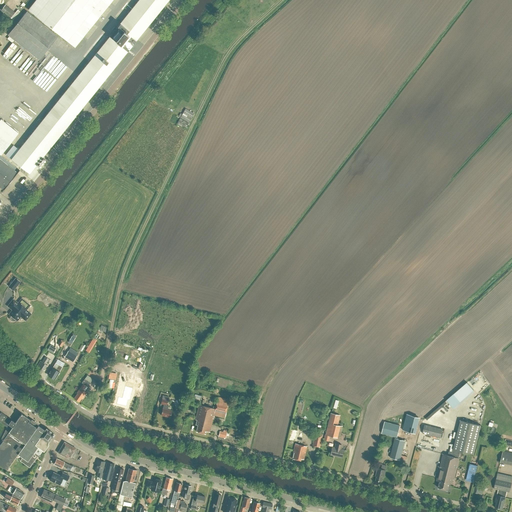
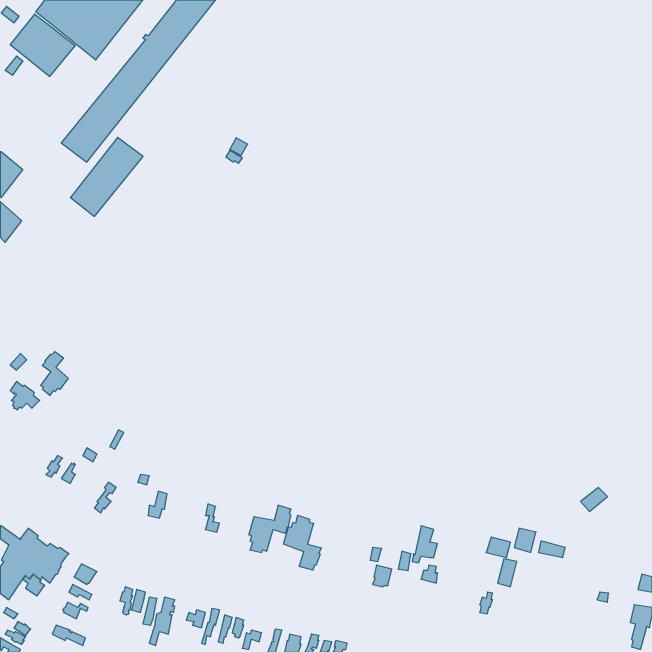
building: [11,112,68,174] -> [70,137,143,216]
building: none -> [41,351,68,396]
building: none -> [283,515,321,570]
building: [437,420,481,490] -> none

